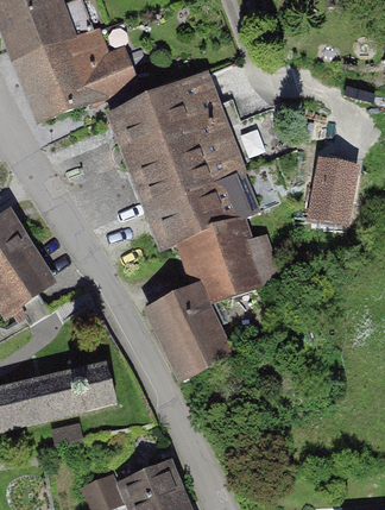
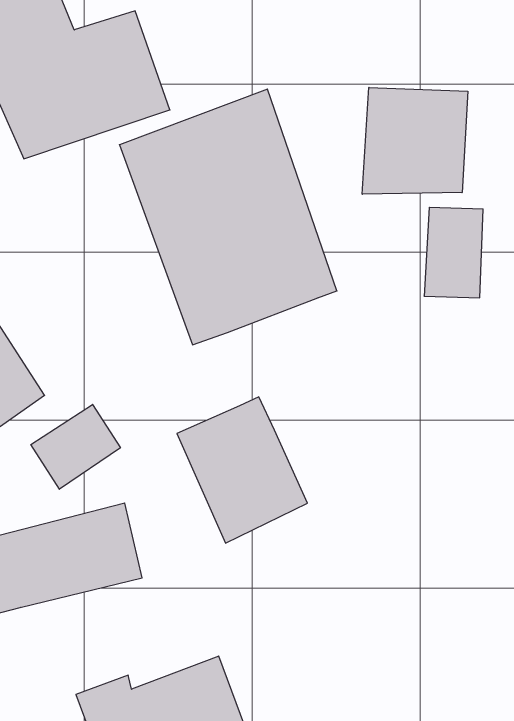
building: none -> [362,87,468,194]
building: [181,214,266,304] -> none
building: none -> [31,404,120,489]

